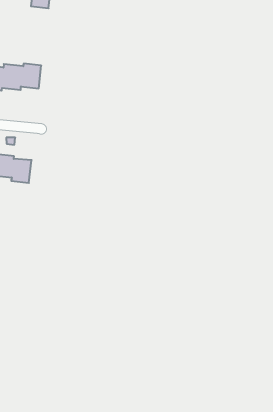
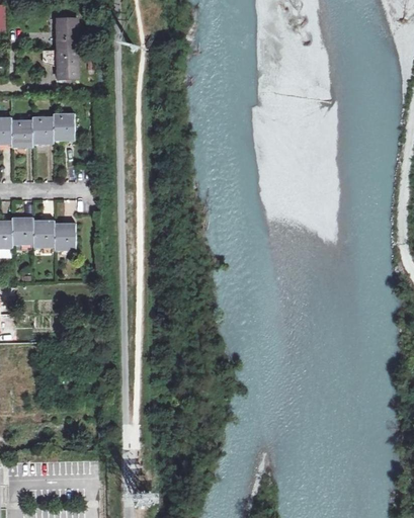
building: none -> [54,49,75,79]

